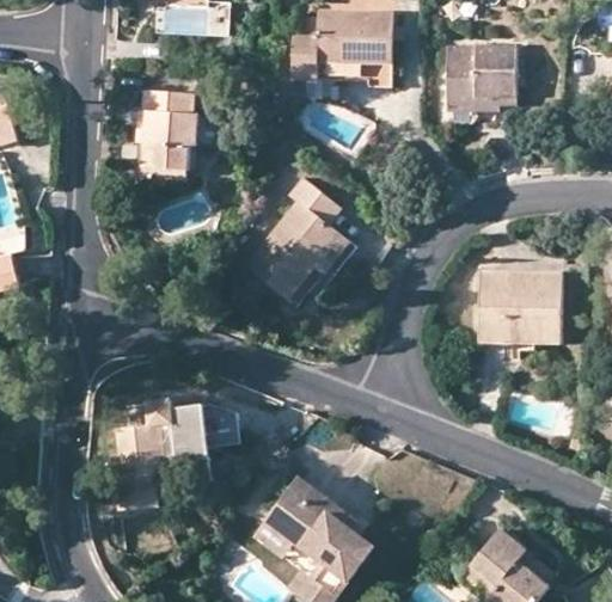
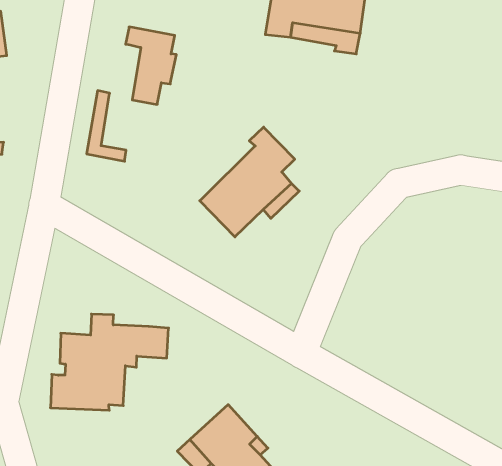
building: [445,44,516,111] -> none
building: [142,109,184,180] -> [87,91,126,161]
building: [479,269,561,342] -> none

